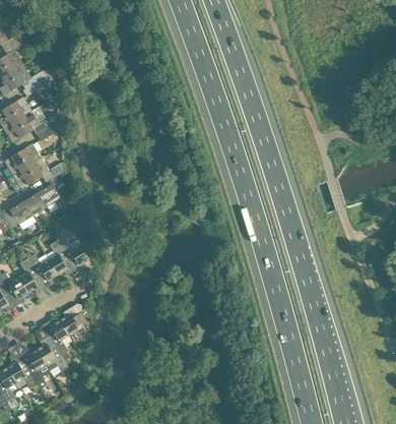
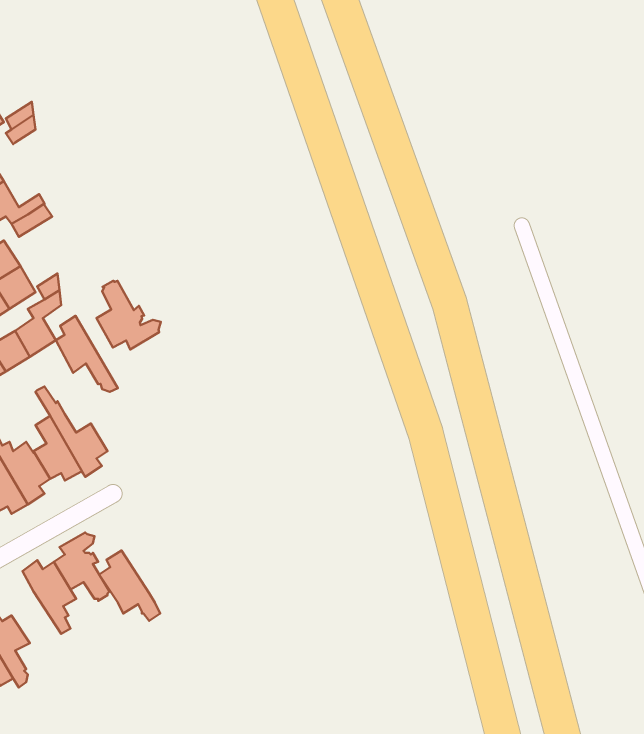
building: none -> [97,281,161,349]
building: none -> [56,316,118,392]
building: [37,336,70,374] -> [99,551,160,621]

